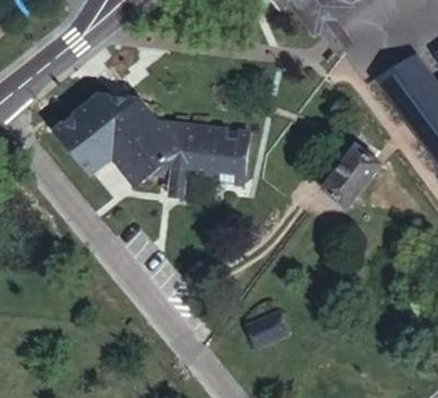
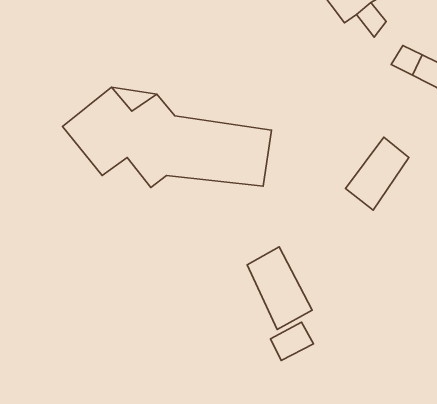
building: none -> [247,247,312,329]

